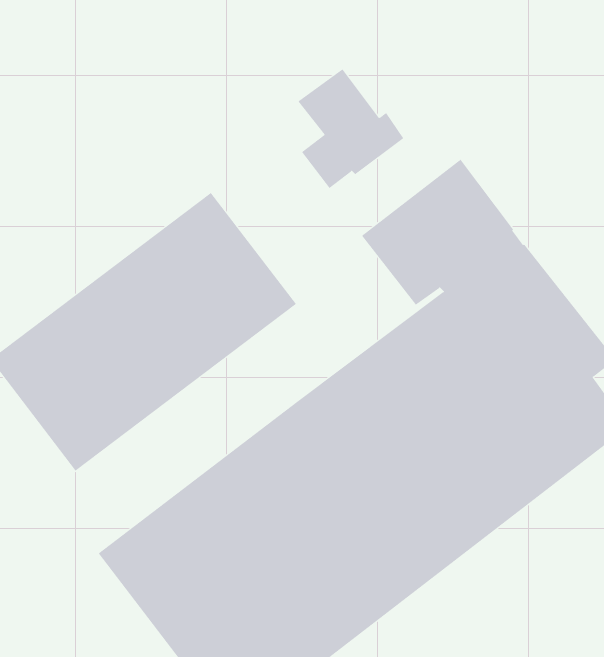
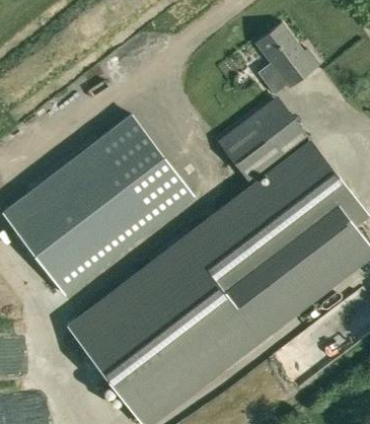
building: [298,68,404,189] -> [258,26,320,96]

